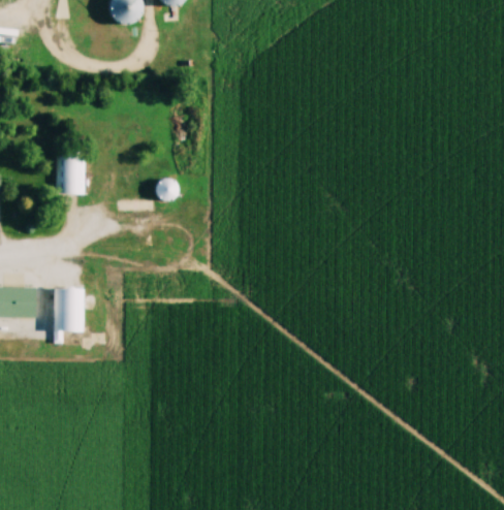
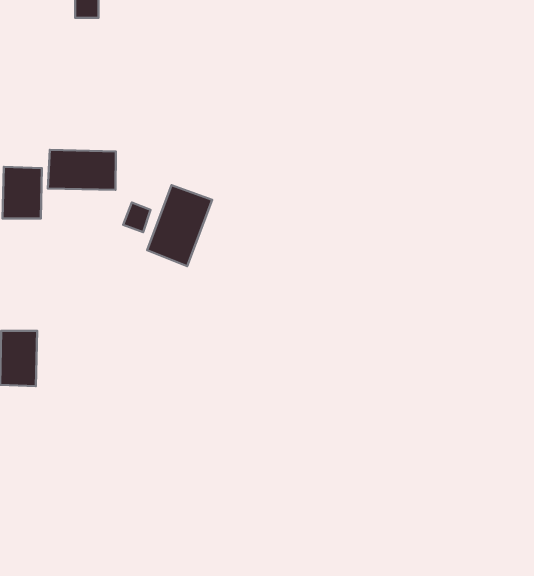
building: none -> [48,150,116,190]
building: none -> [147,185,212,266]

